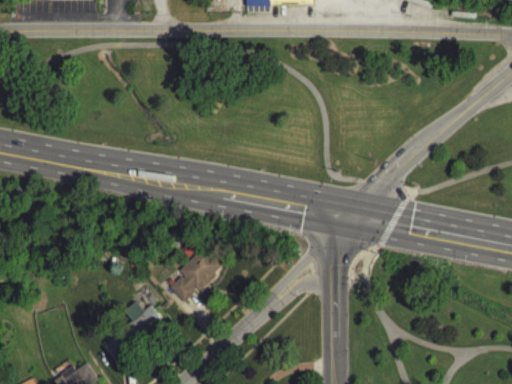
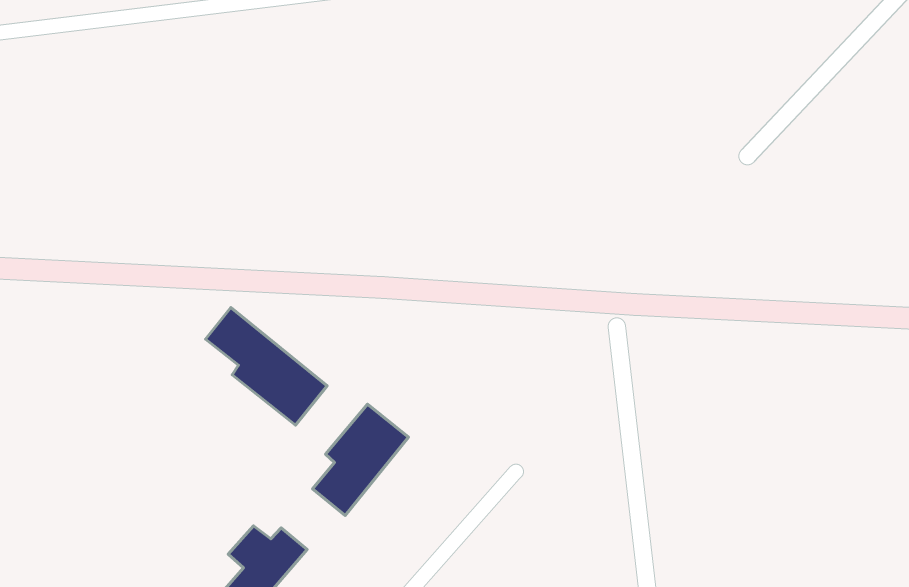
building: none -> [206,308,327,425]

